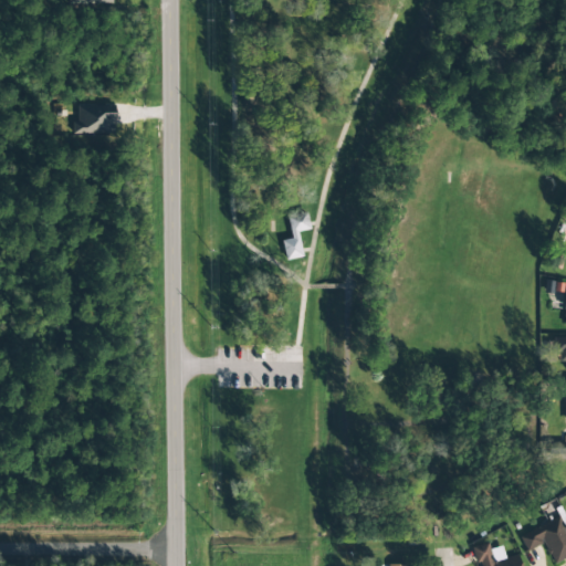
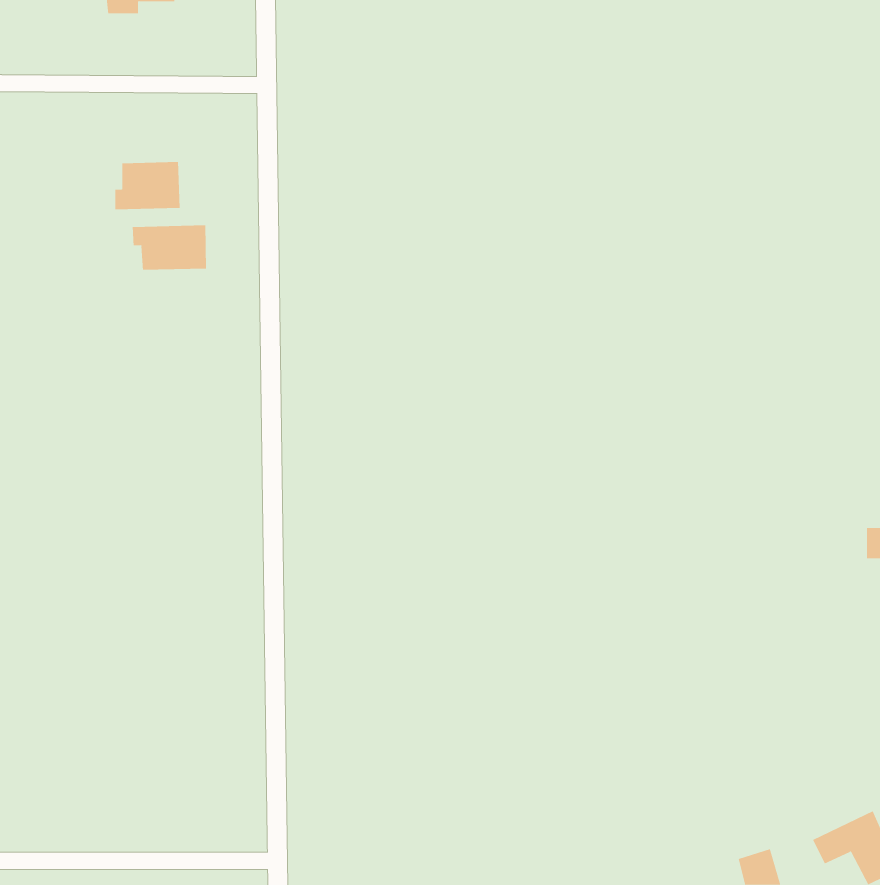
building: none -> [132,225,207,271]
building: [283,211,312,259] -> none

